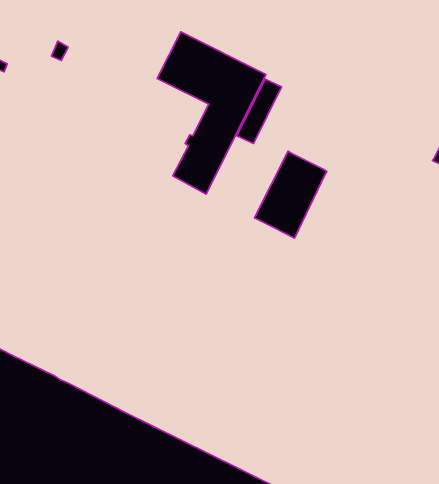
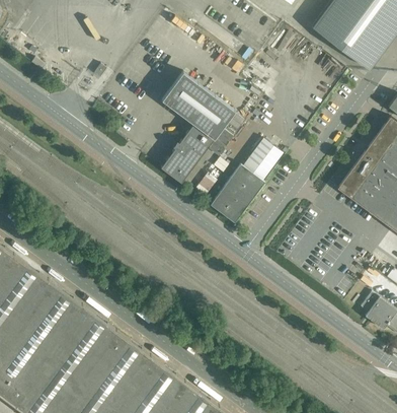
building: none -> [242,138,283,181]

